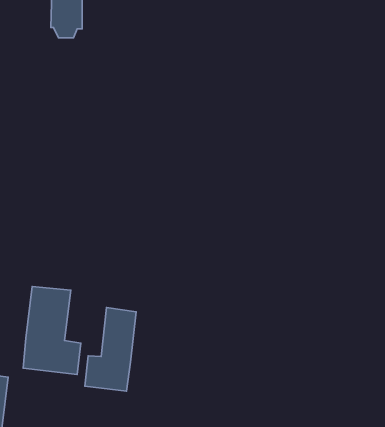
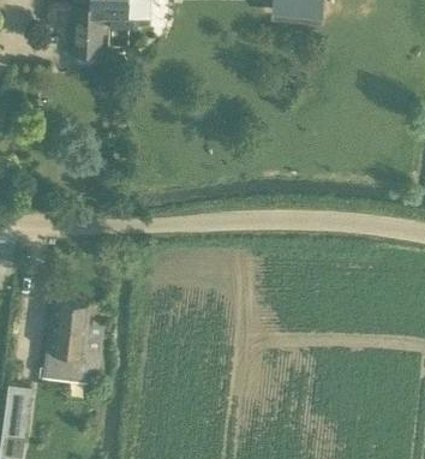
building: [85,308,136,391] -> none

